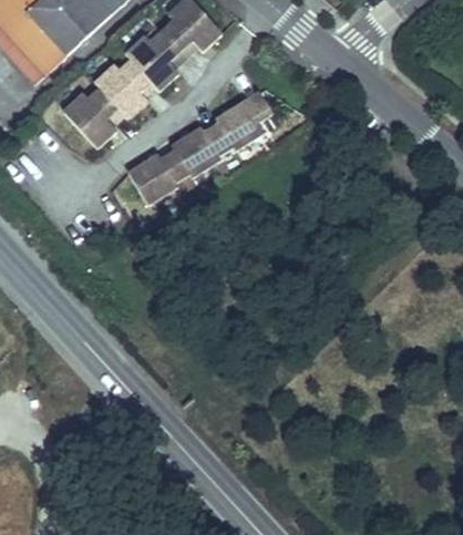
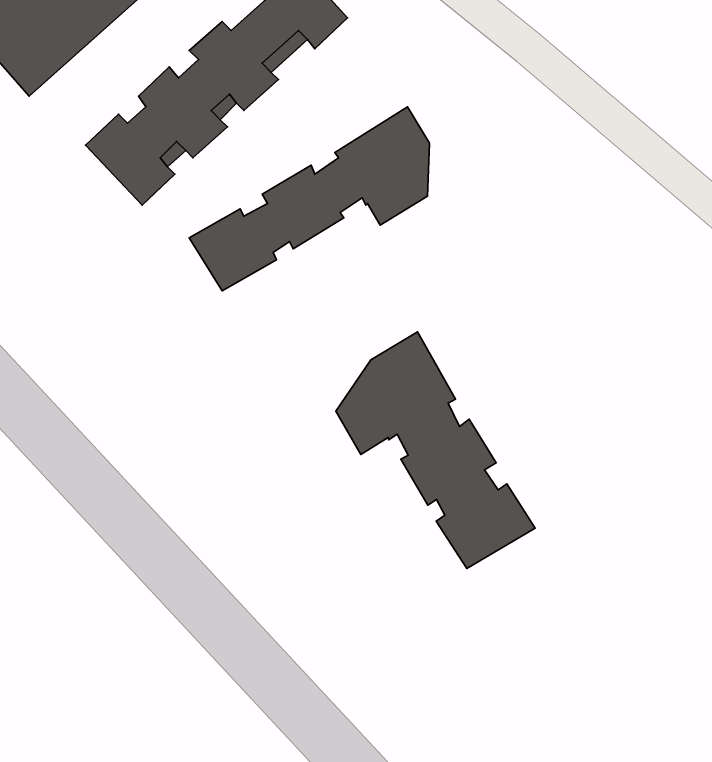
building: none -> [336,332,535,568]

